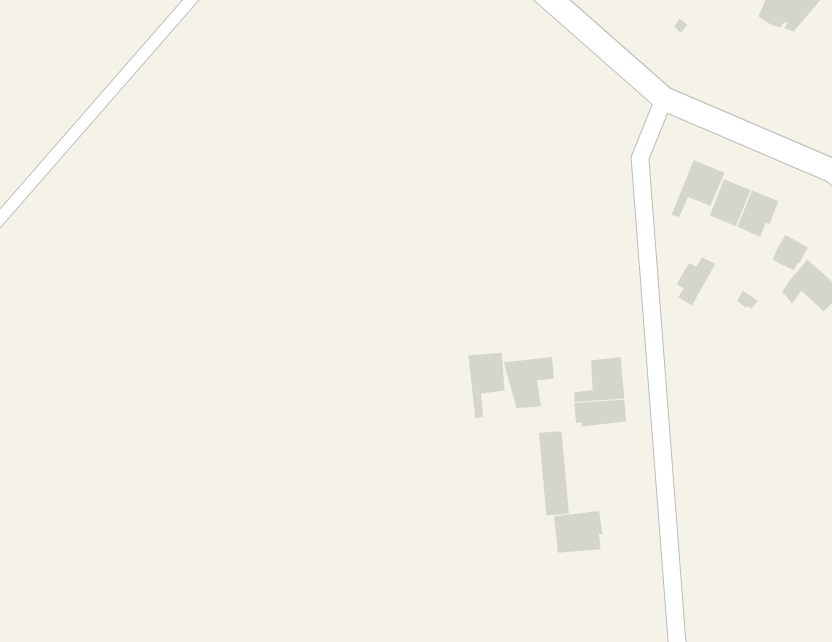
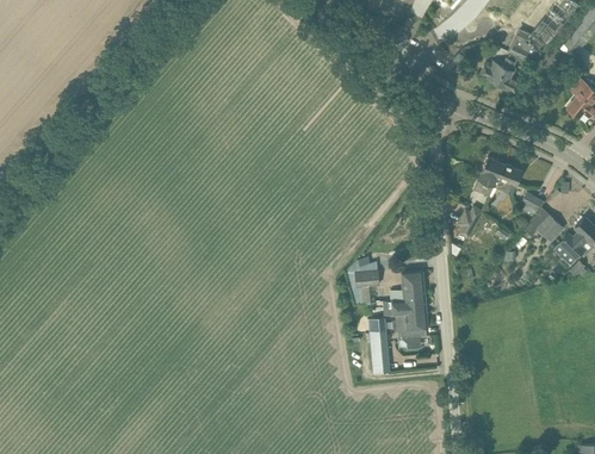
building: none -> [485,51,519,92]
building: [671,159,725,218] -> none
building: [468,352,505,419] -> none
building: [553,511,603,553] -> [396,311,428,338]

